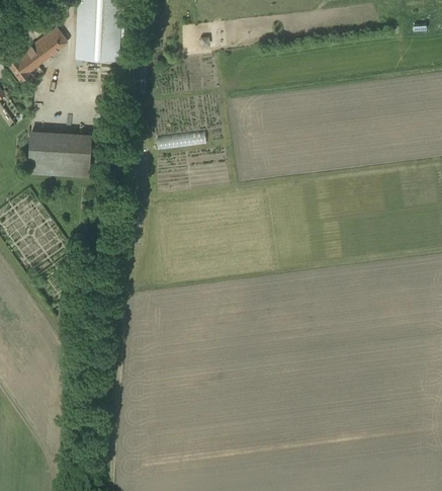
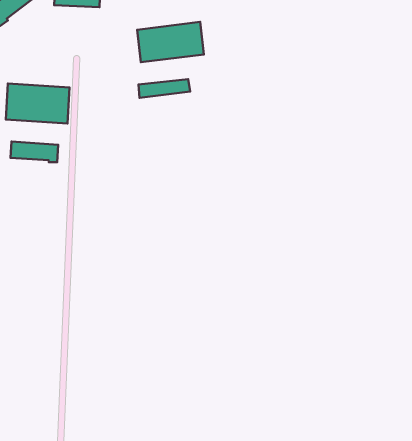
building: none -> [137,22,204,62]
building: none -> [11,142,58,162]

